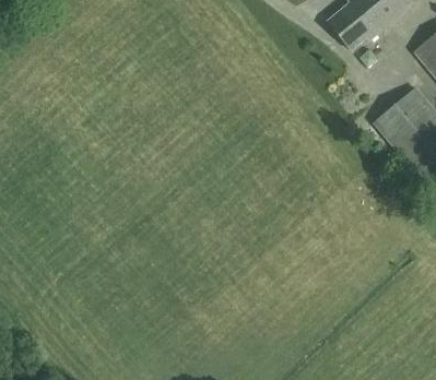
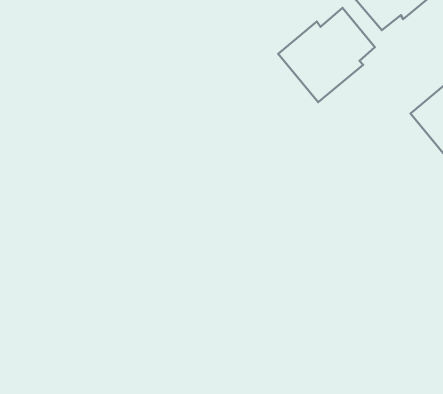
building: none -> [278,8,375,102]

